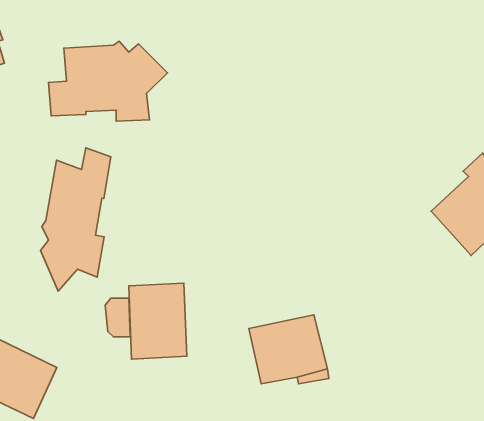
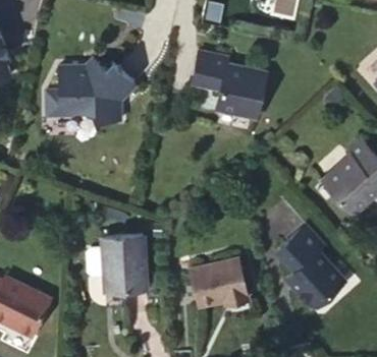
building: none -> [188,50,263,117]
building: [41,148,111,291] -> none
building: none -> [283,232,353,312]

